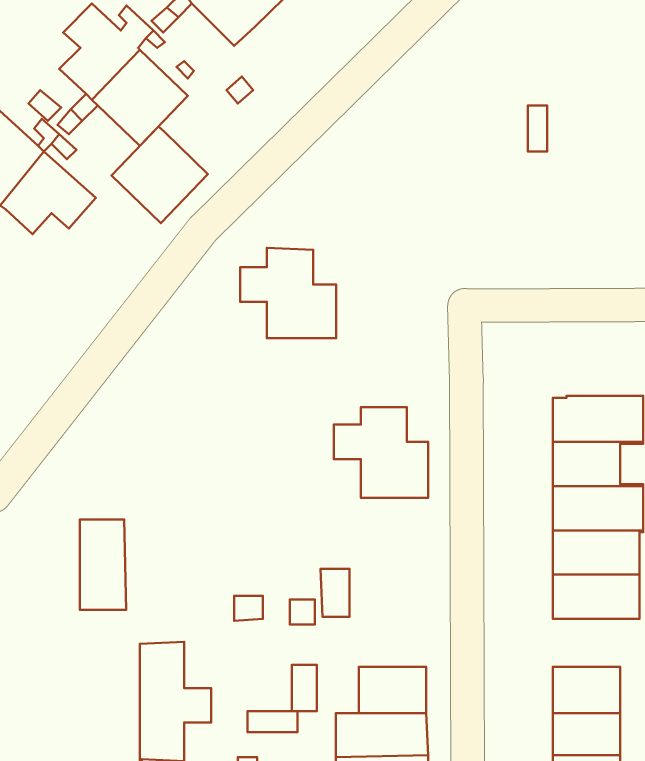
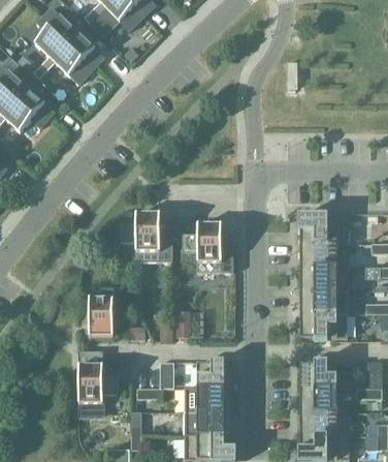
building: [112,126,208,223] -> none
building: [240,248,336,338] -> [121,213,172,261]
building: [80,520,126,610] -> [89,287,114,336]

